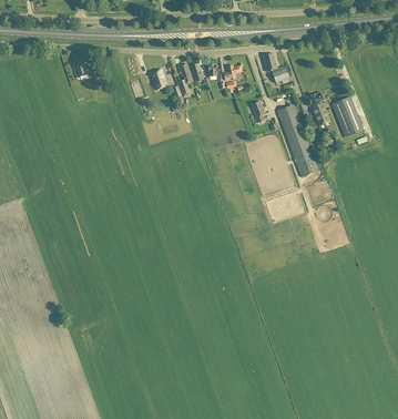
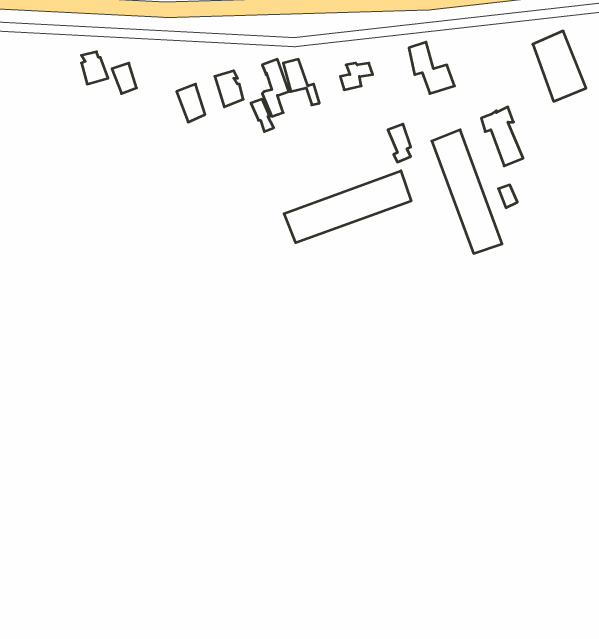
building: [331,94,363,135] -> [533,31,586,101]
building: none -> [284,171,411,243]

